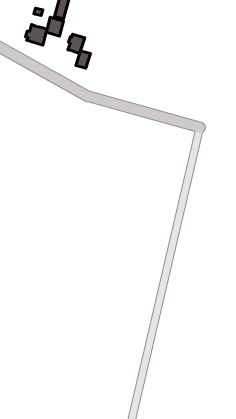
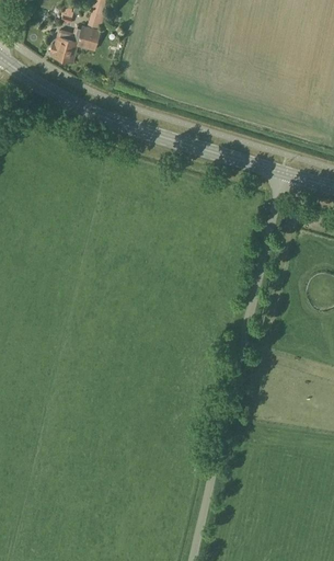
building: [68,34,91,68] -> none

